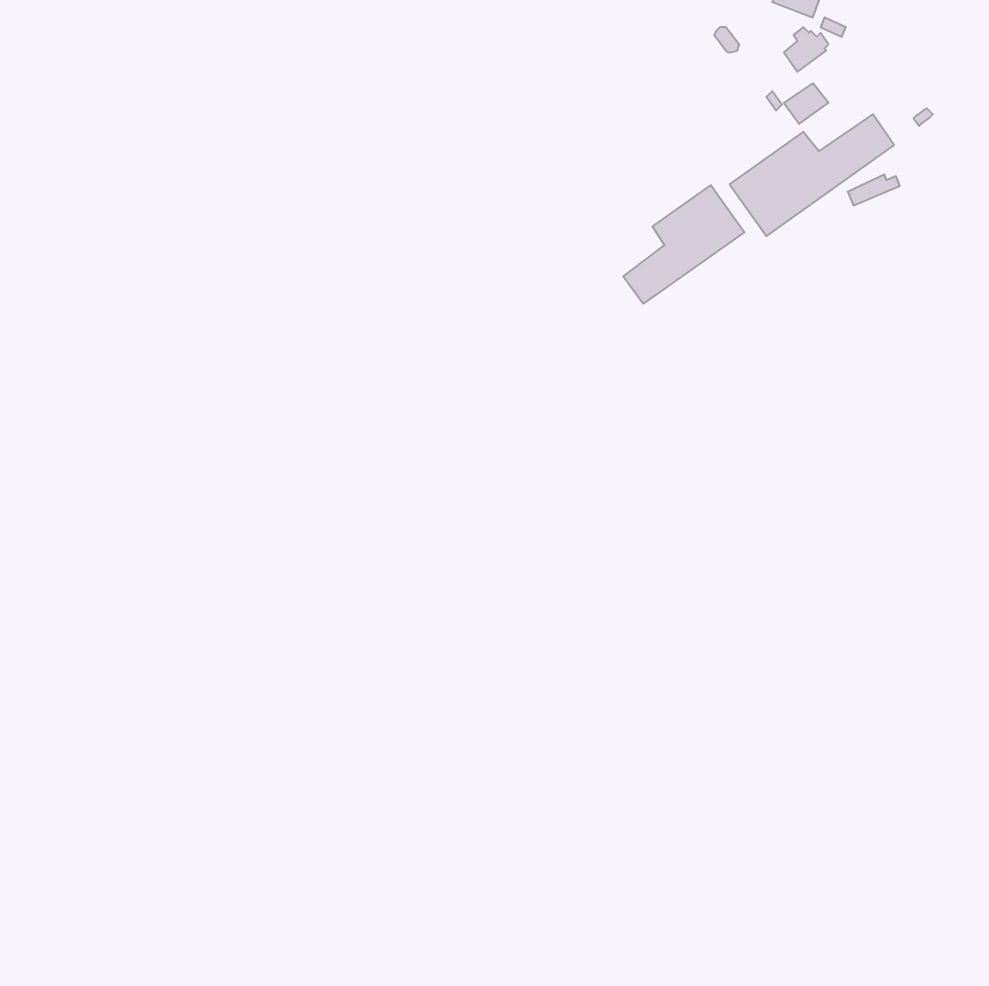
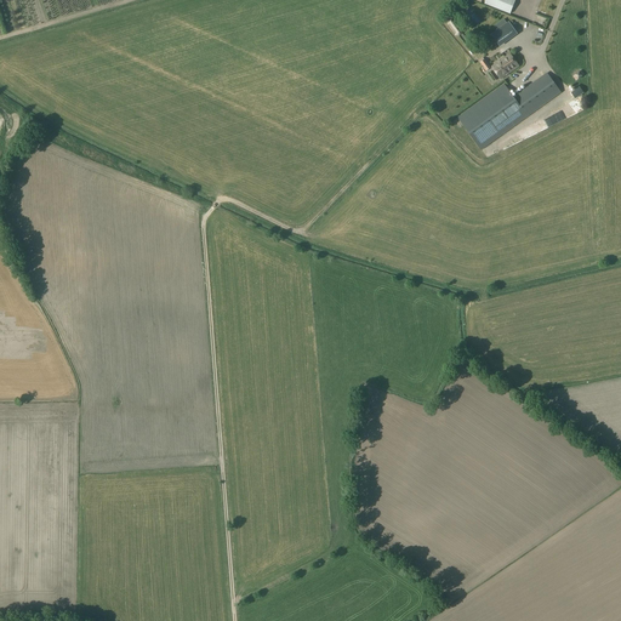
building: [623,185,744,304] -> none

